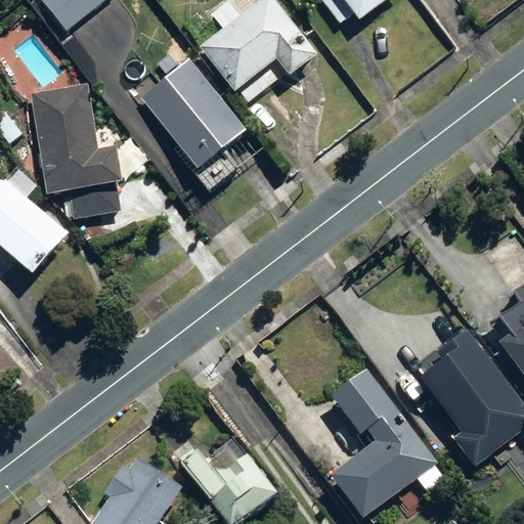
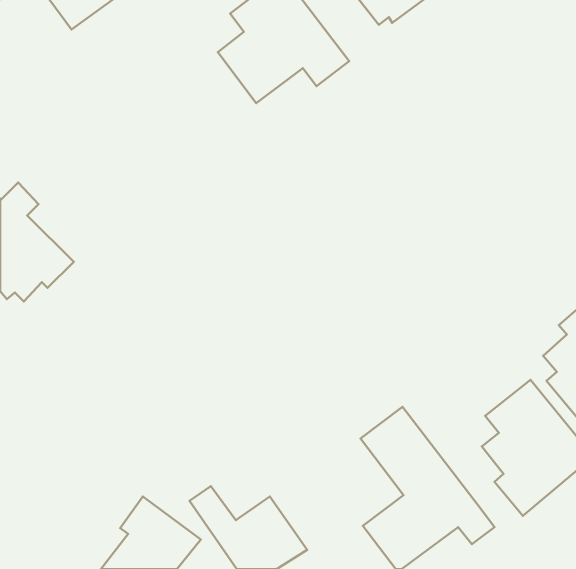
building: [140,57,246,171] -> none
building: [27,83,124,215] -> none

